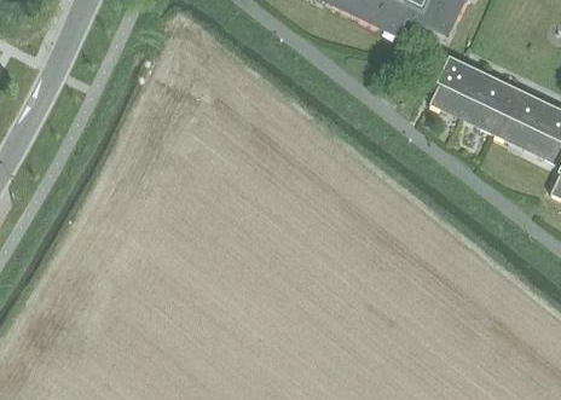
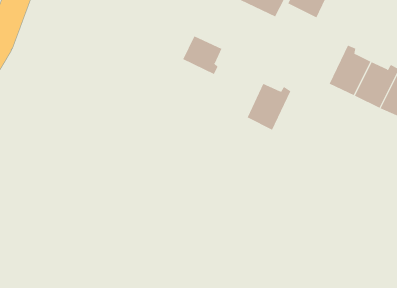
building: none -> [182,36,222,75]
building: [428,58,482,116] -> [247,83,291,130]

